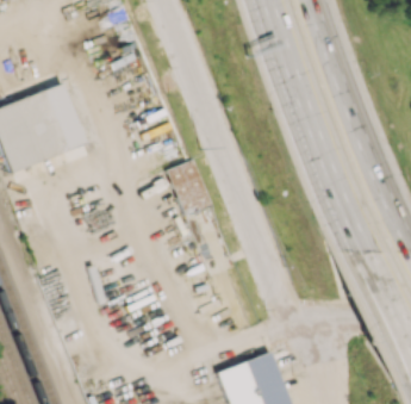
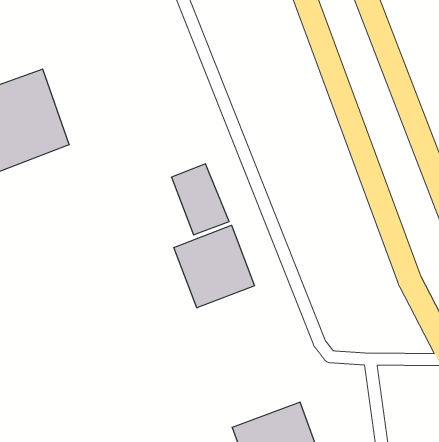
building: none -> [174,225,255,308]

